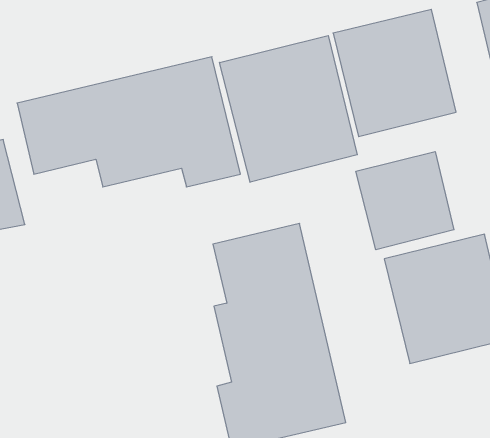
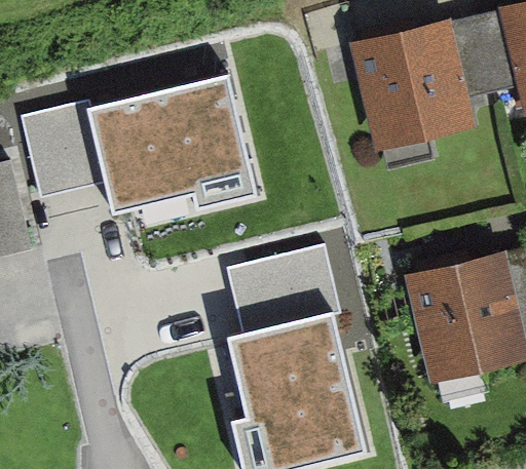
building: [220,36,357,182] -> none
building: [356,152,454,250] -> none

